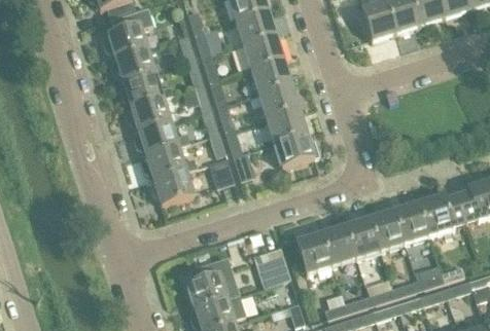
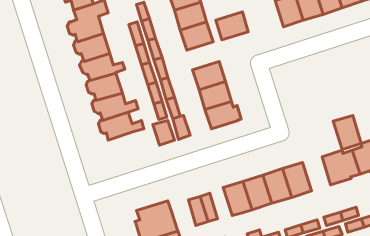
building: [250,59,290,94] -> [216,12,248,40]
building: [150,170,192,206] -> none
building: [394,201,429,244] -> [333,115,361,149]

